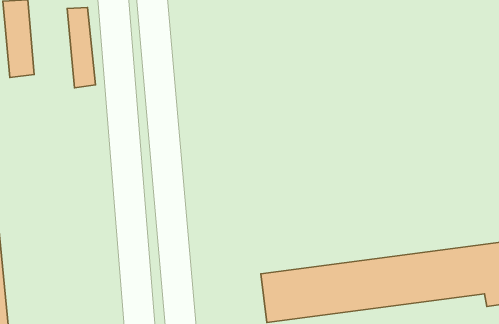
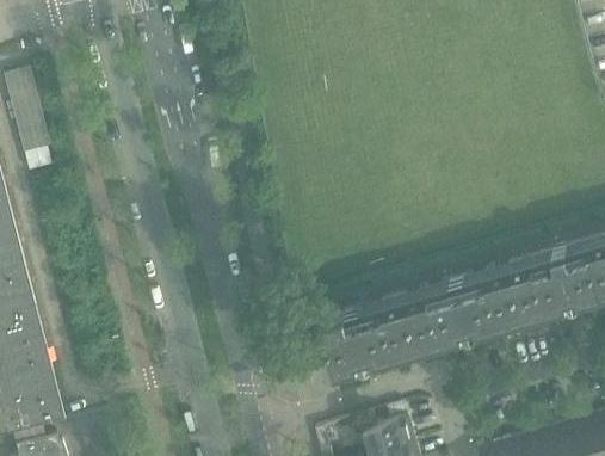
building: [67,7,95,88] -> none

